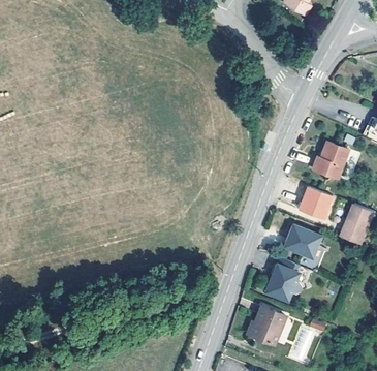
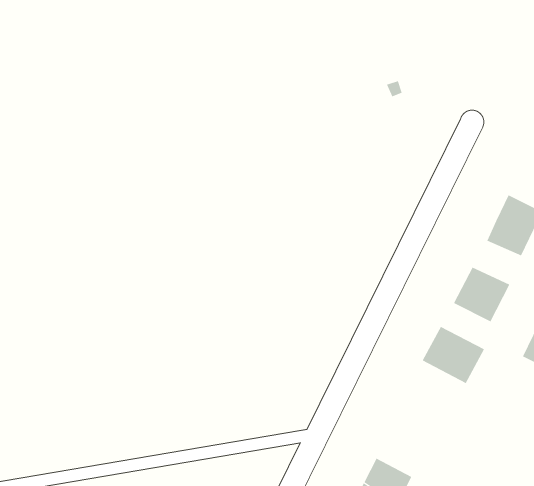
building: [264,257,312,301] -> none

